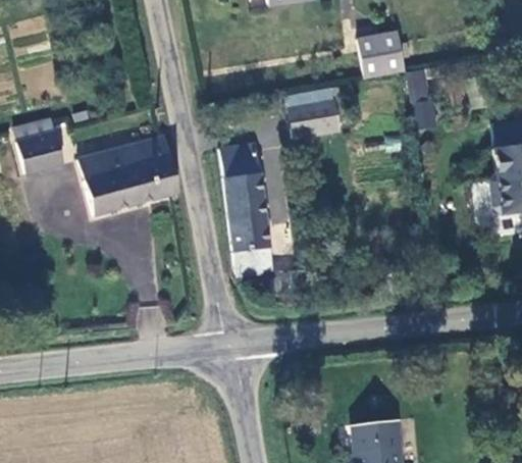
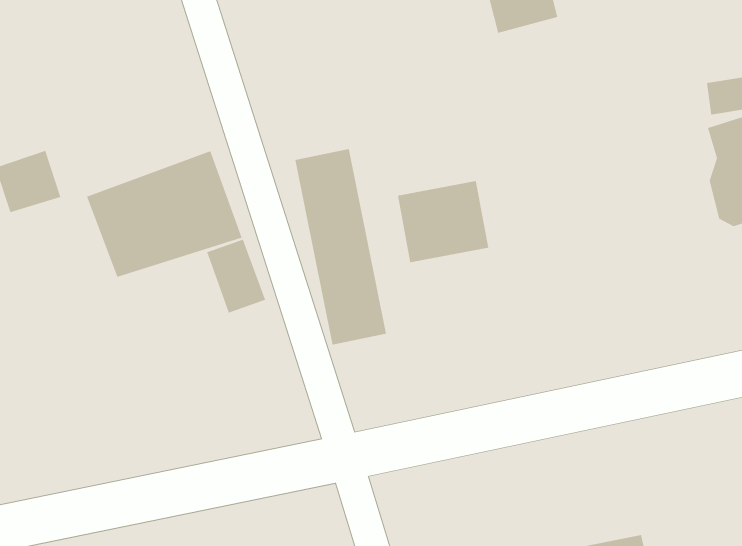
building: [412,70,434,131] -> none
building: [286,90,344,140] -> [397,180,489,263]
building: none -> [207,239,266,314]

